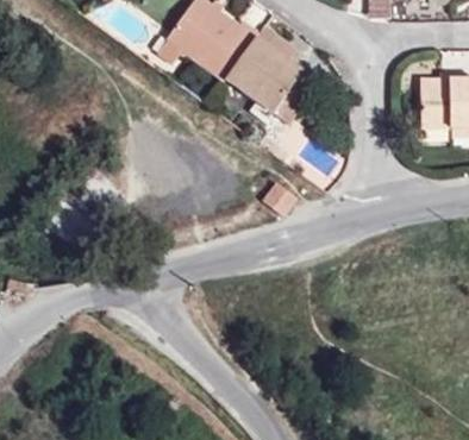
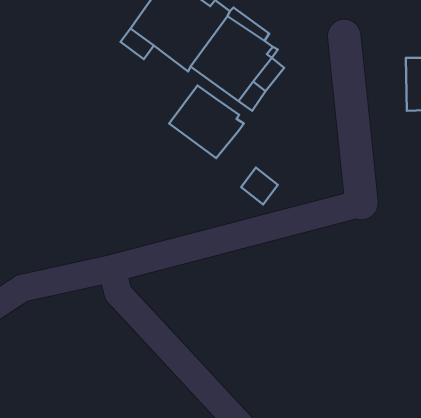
building: none -> [169,86,244,158]

